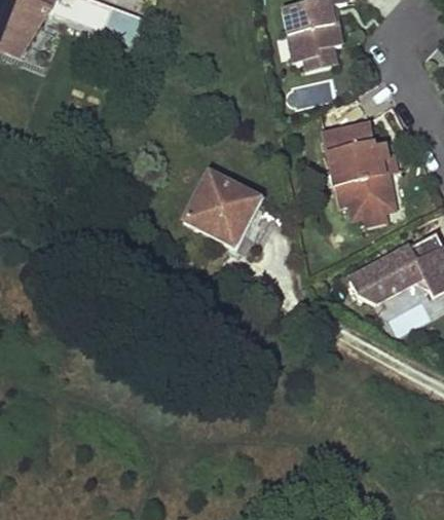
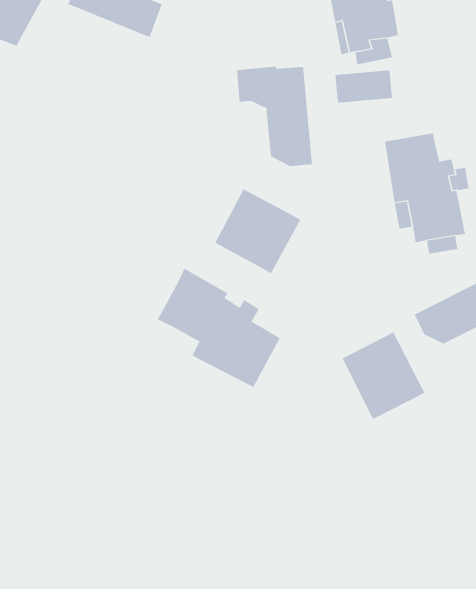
building: none -> [237,66,312,167]
building: none -> [157,268,280,388]
building: none -> [342,331,425,420]

